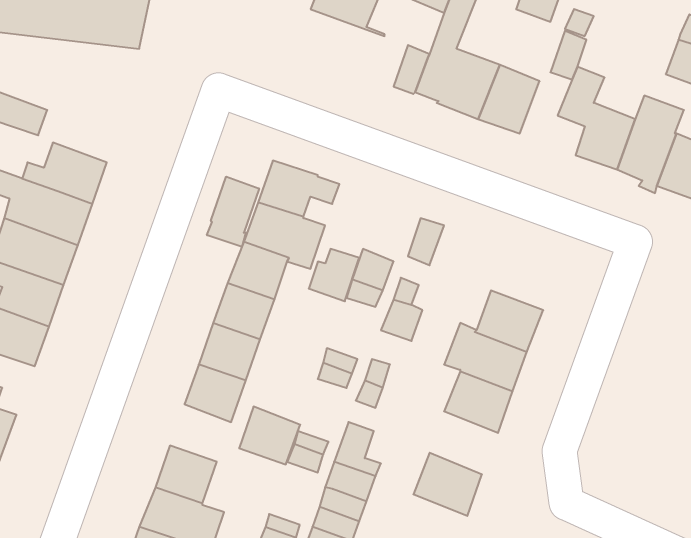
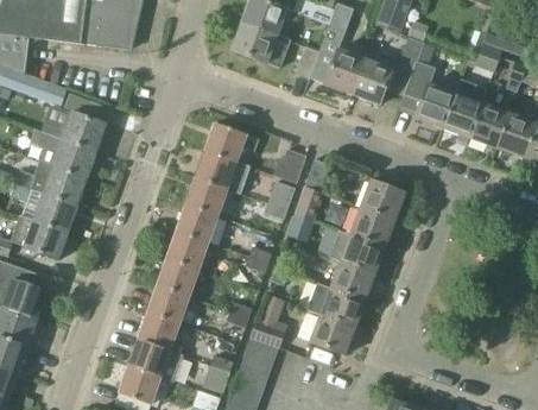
building: none -> [232,23,290,67]
building: [207,177,259,247] -> none
building: [309,249,359,301] -> [273,149,306,183]
building: none -> [360,181,404,221]
building: none -> [308,284,365,329]
building: [239,407,300,464] -> [148,283,189,321]

